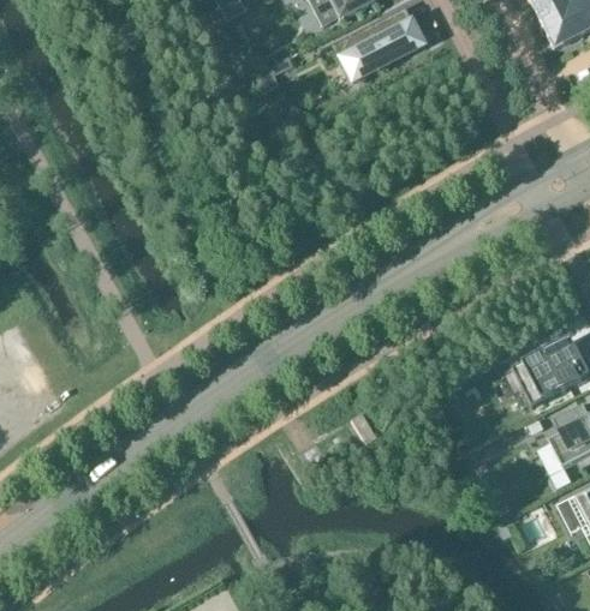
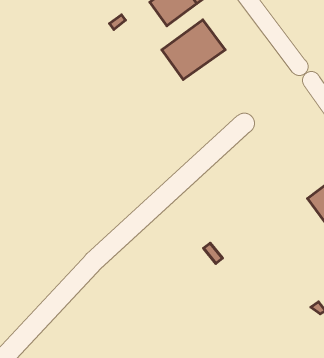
building: none -> [162,20,225,79]

